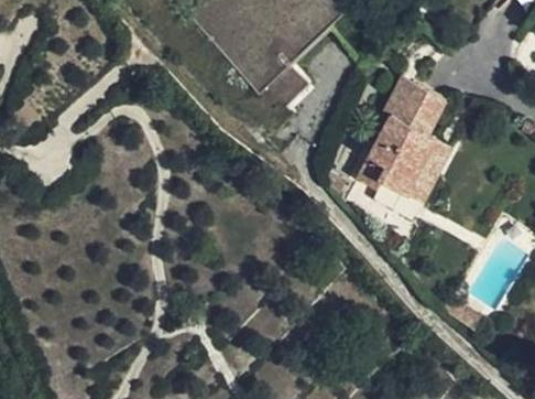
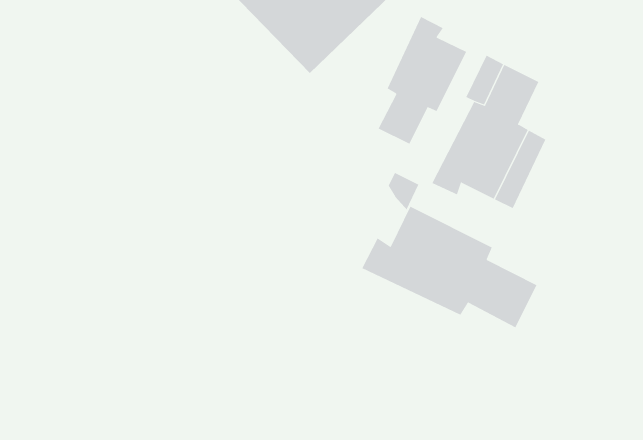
building: none -> [378,16,467,144]
building: none -> [362,206,537,328]

